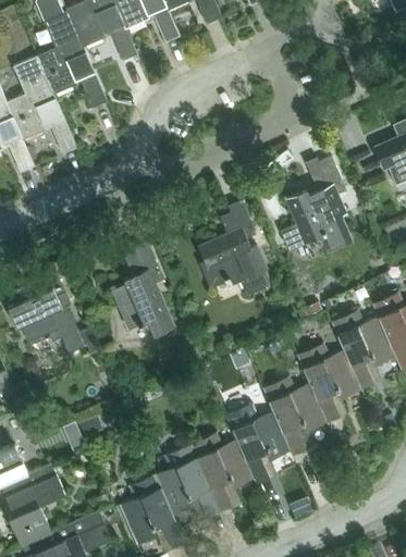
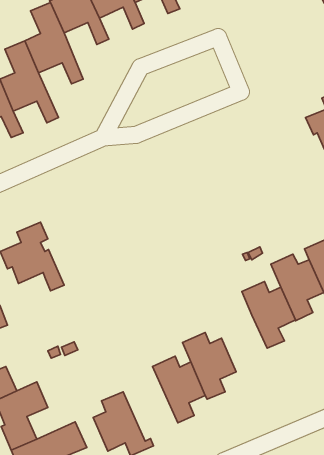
building: [280,158,350,251] -> none
building: [197,200,268,296] -> none
building: [111,242,173,337] -> none
building: [262,377,327,457] -> none
building: [155,445,220,521] -> none

